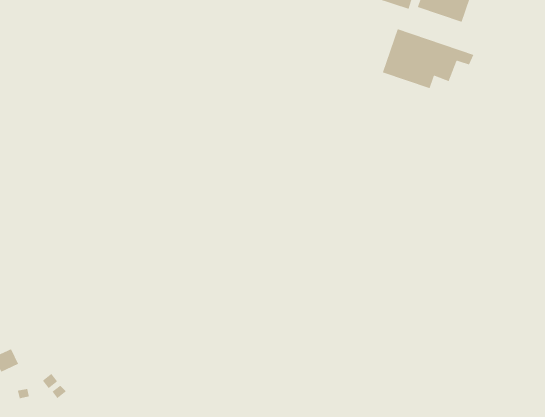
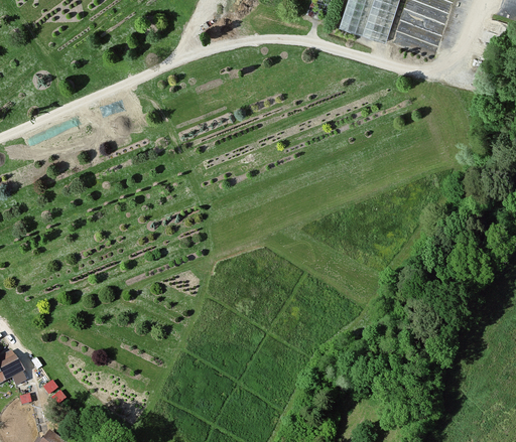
building: [382,28,474,89] -> none

